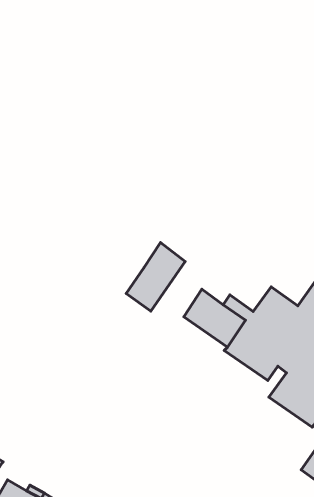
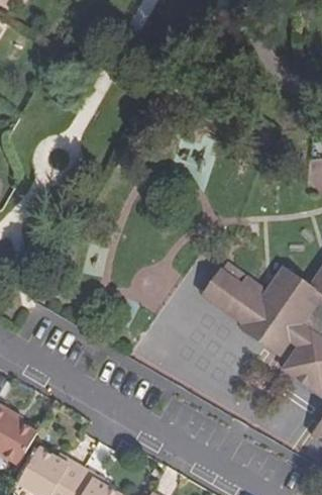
building: [126,243,185,311] -> none

